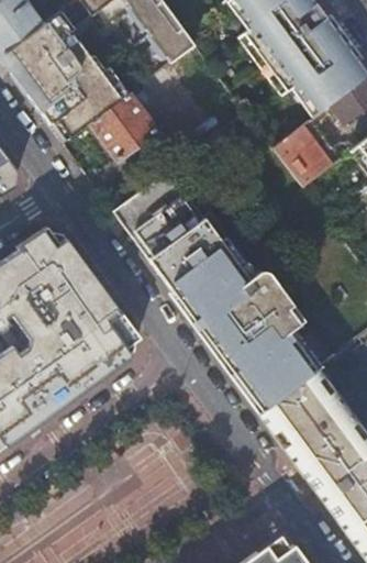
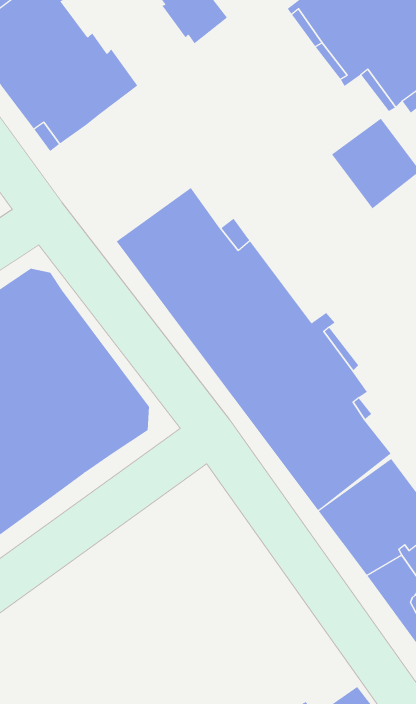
building: [90,92,163,159] -> none

